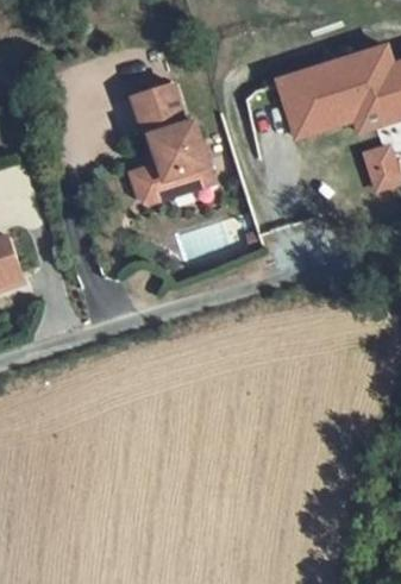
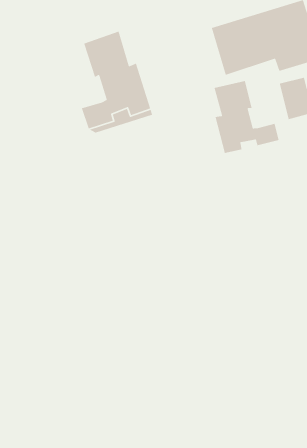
building: none -> [214,80,279,154]

